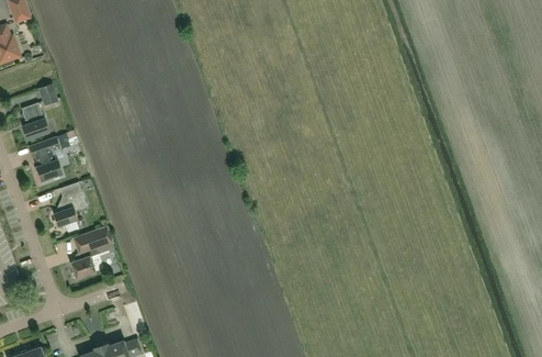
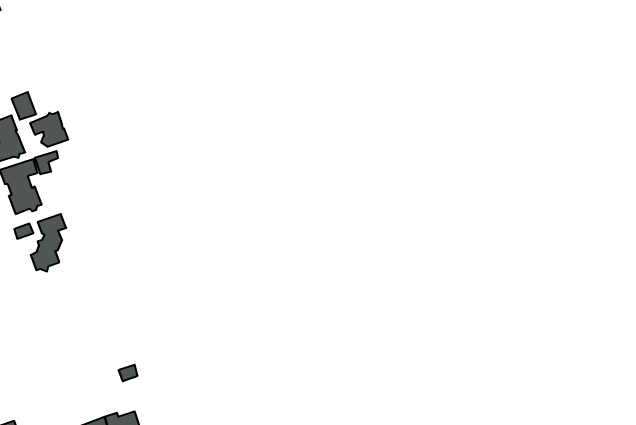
building: none -> [30,112,68,147]
building: [70,226,115,279] -> none

